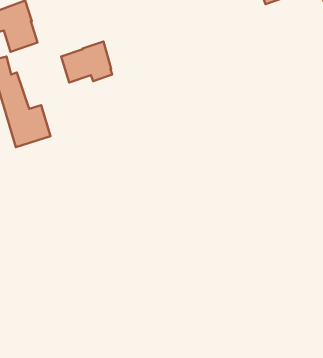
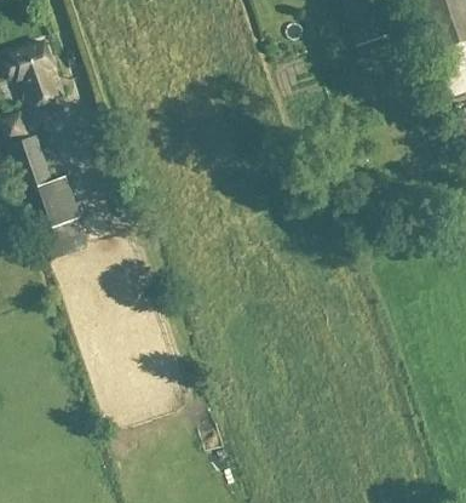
building: [61,41,112,83] -> none

